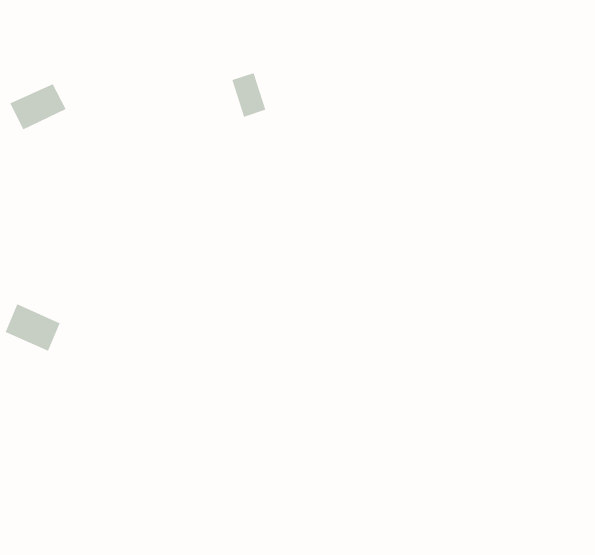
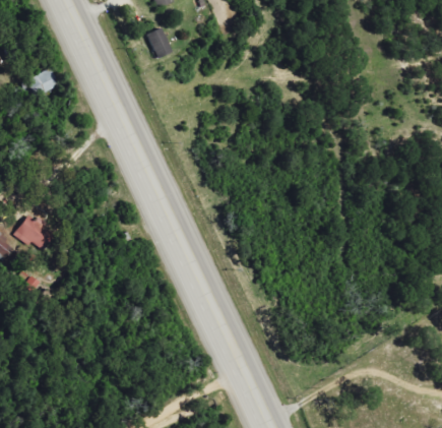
building: [232,72,266,118] -> [146,26,170,57]

